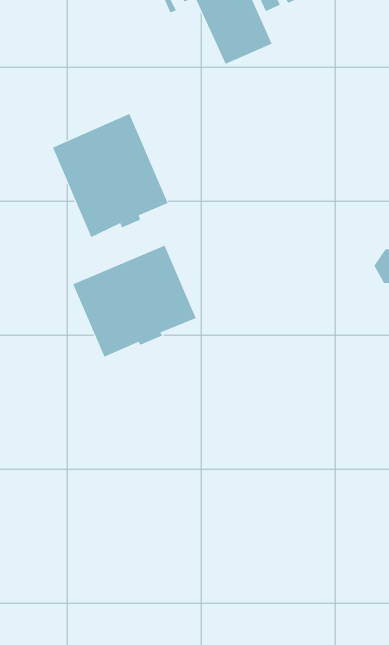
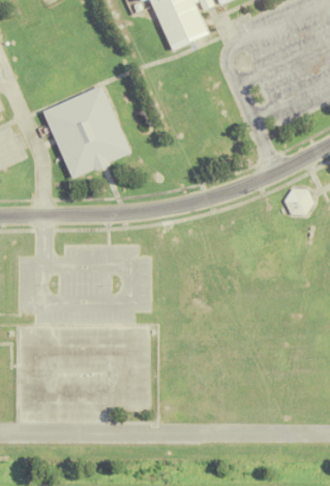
building: [72,245,196,357] -> none

